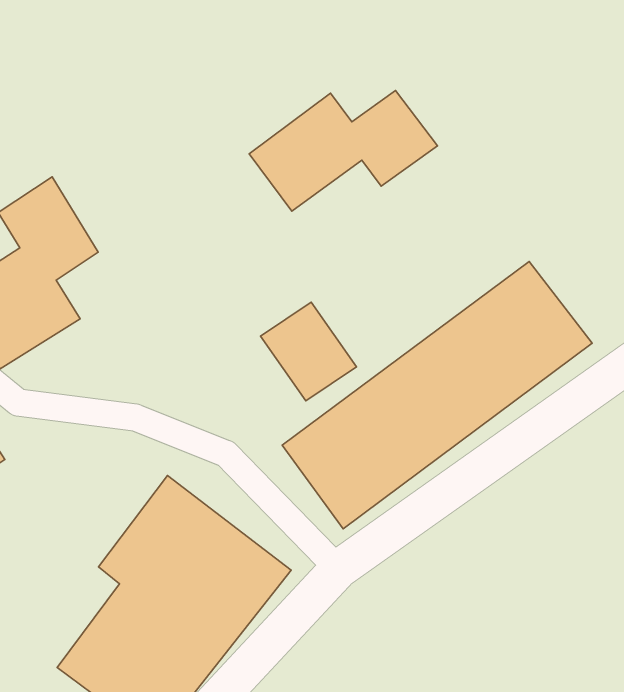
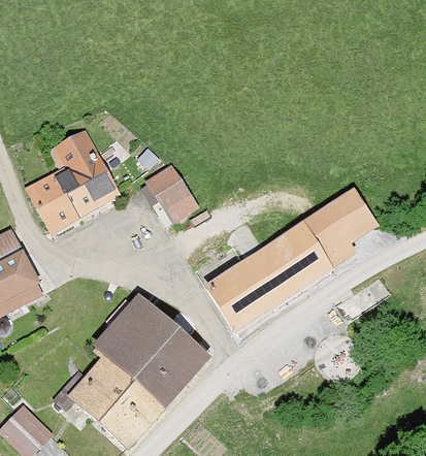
building: [249,91,437,211] -> none
building: [260,302,357,401] -> [139,165,193,221]

